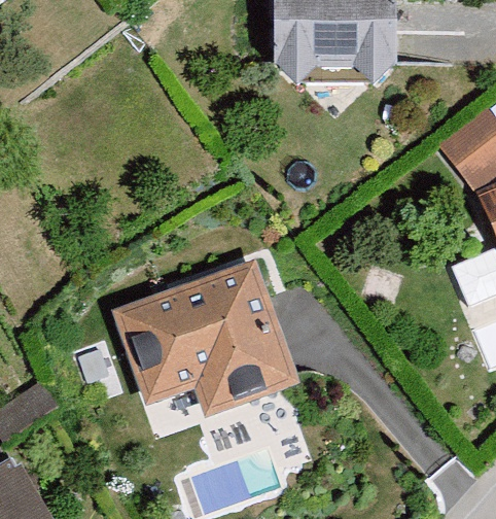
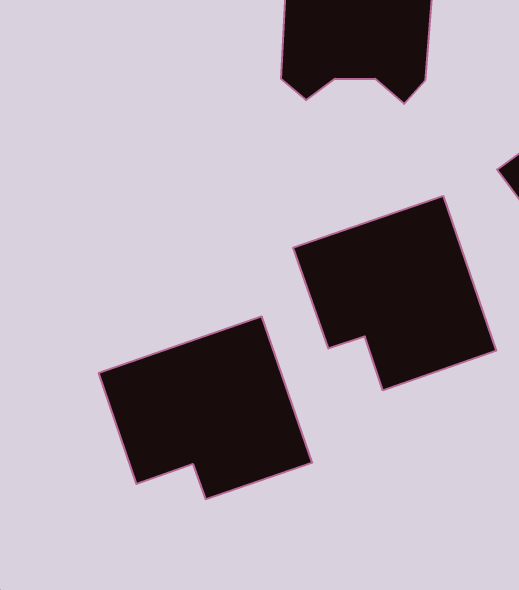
building: none -> [293,196,496,390]

